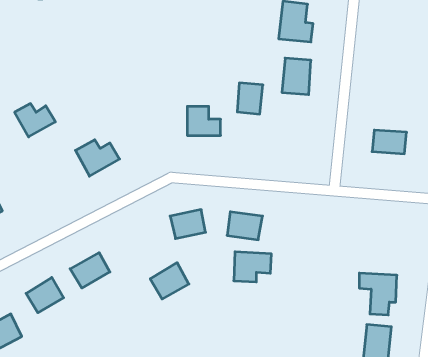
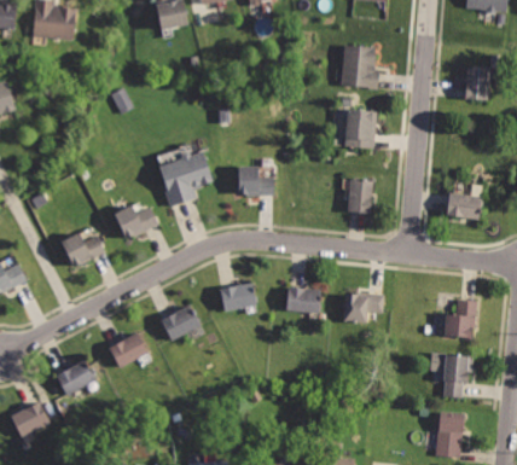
building: none -> [461,66,493,104]
building: [237,83,263,114] -> [345,178,374,213]
building: none -> [157,149,213,205]
building: [15,104,55,137] -> [60,231,106,268]
building: none -> [443,296,478,338]
building: [234,252,271,282] -> [342,290,384,324]
building: [150,263,189,299] -> [159,300,203,341]

